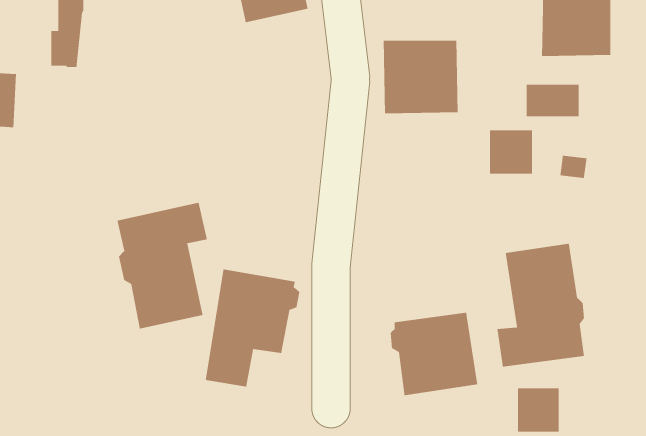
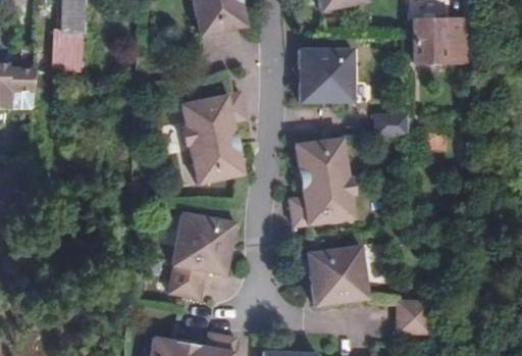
building: [526,84,580,117] -> none
building: [117,202,208,329] -> [180,92,247,185]
building: [497,243,585,368] -> [290,137,354,227]

